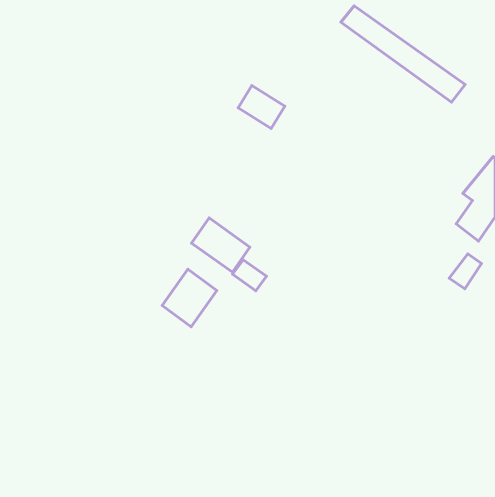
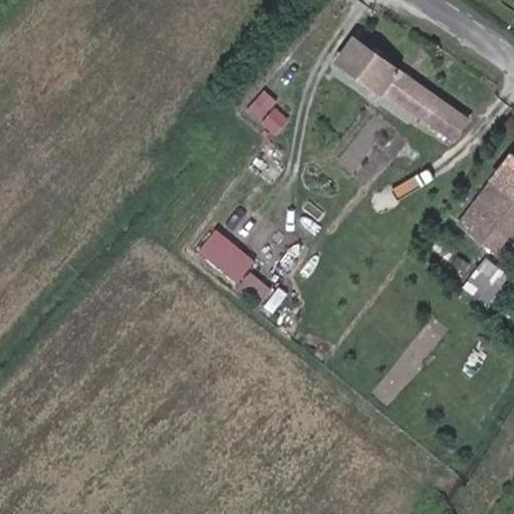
building: [341,6,465,102] -> [338,44,467,144]
building: [162,269,217,327] -> none

